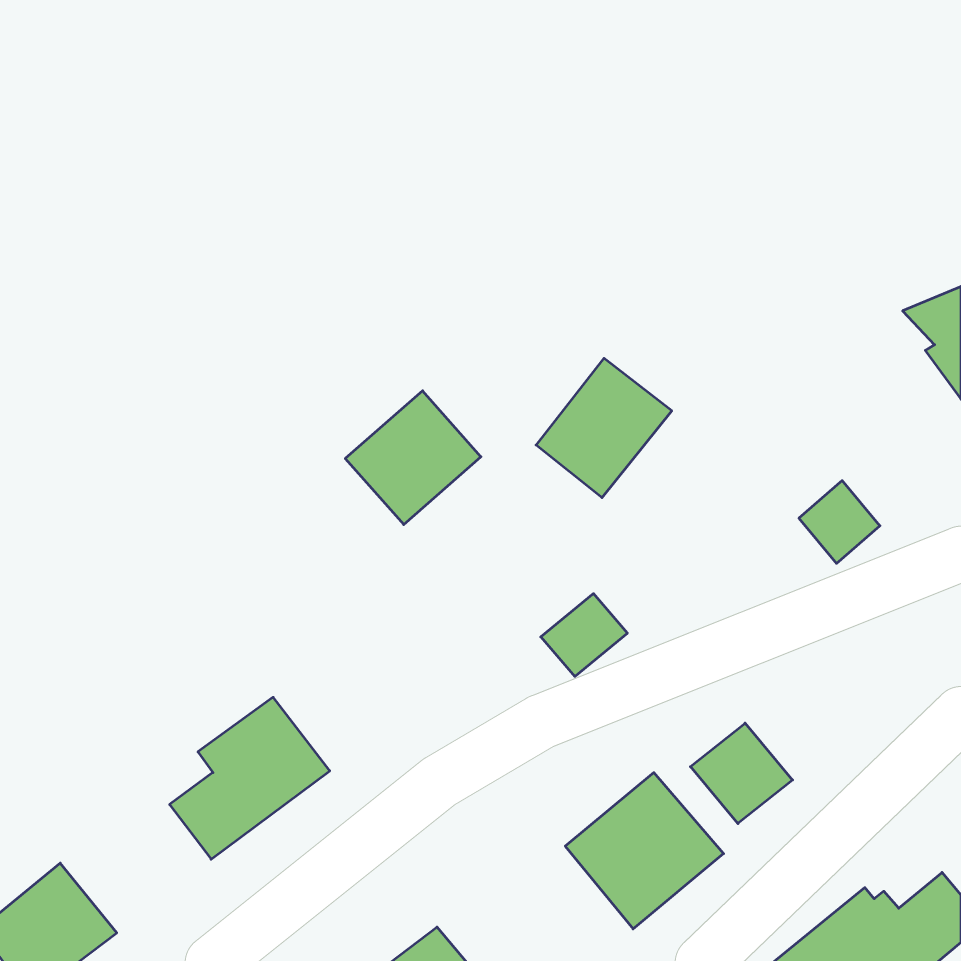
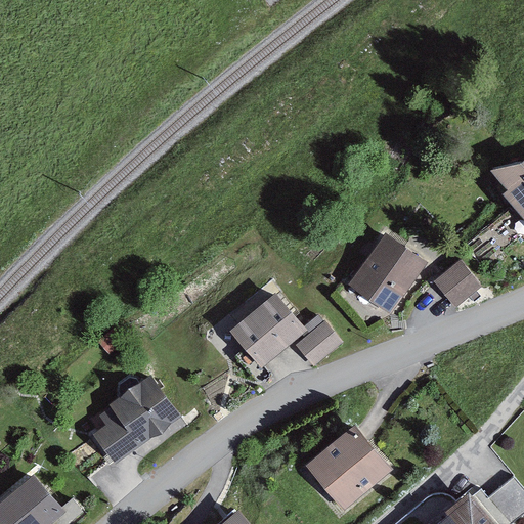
building: [536,358,672,498] -> [345,228,419,304]
building: [345,391,481,525] -> [230,299,304,372]
building: [690,723,793,824] -> none

